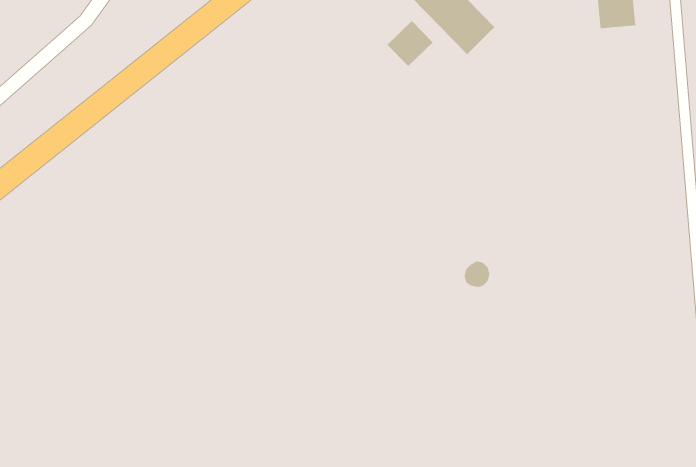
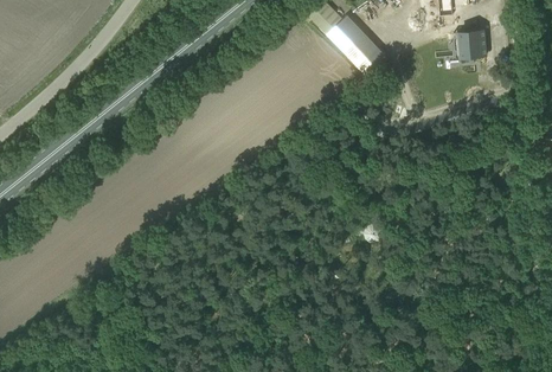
building: [386,20,434,67] -> none

